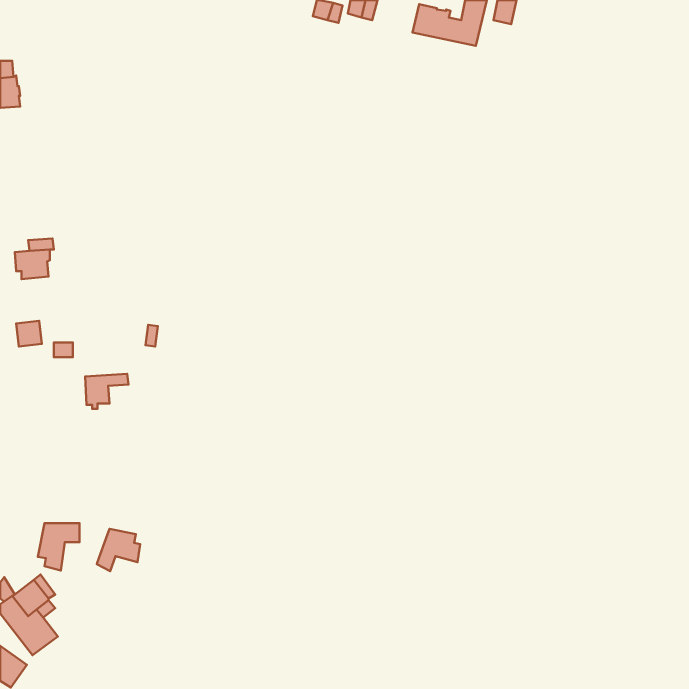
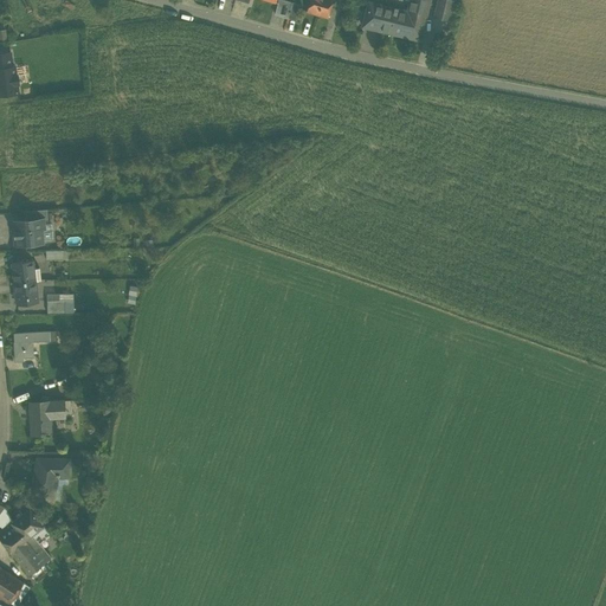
building: none -> [12,260,40,284]
building: [85,374,128,409] -> [13,330,51,361]
building: none -> [30,401,64,434]
building: [97,529,140,571] -> none

